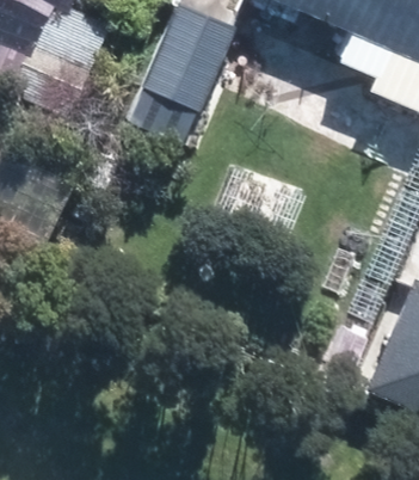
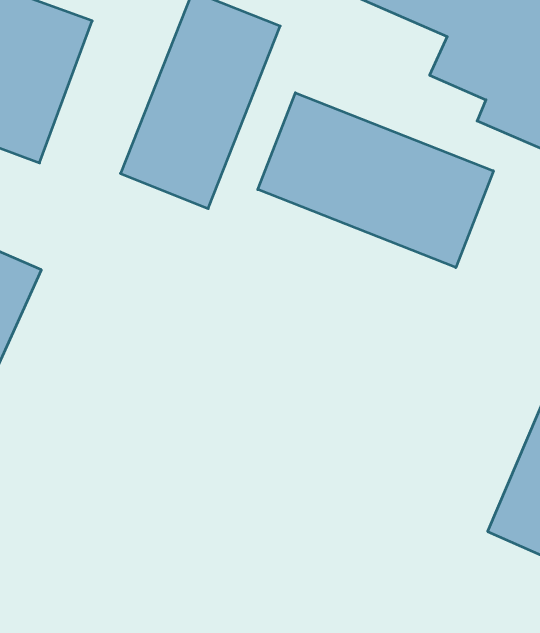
building: none -> [258,93,493,268]

